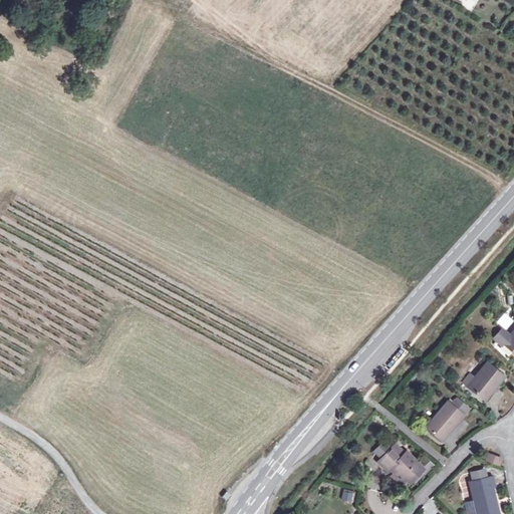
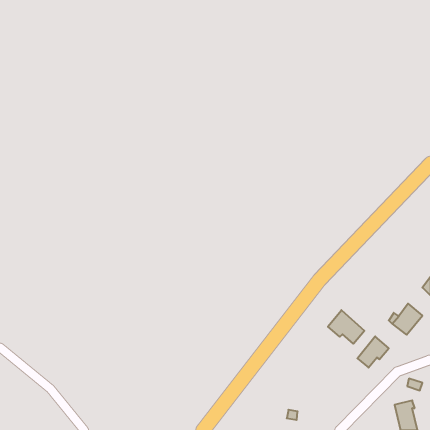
building: none -> [328,310,364,344]
building: [380,446,424,485] -> none

